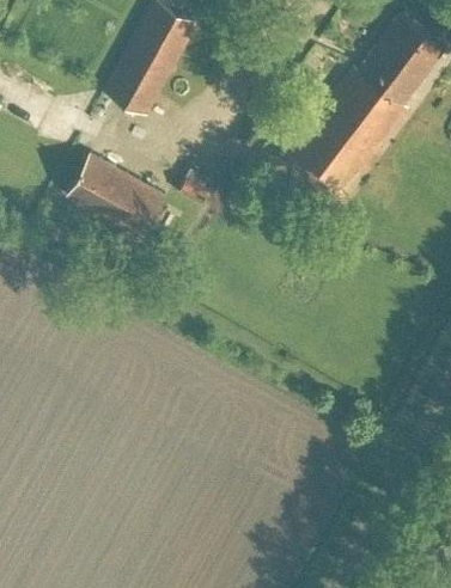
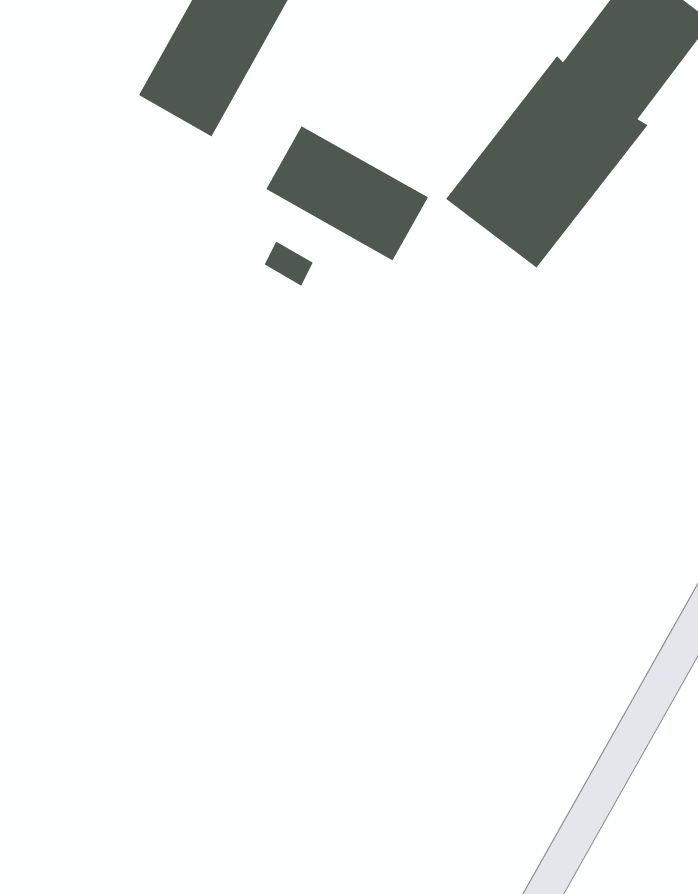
building: [68,155,166,237] -> [265,125,429,261]

